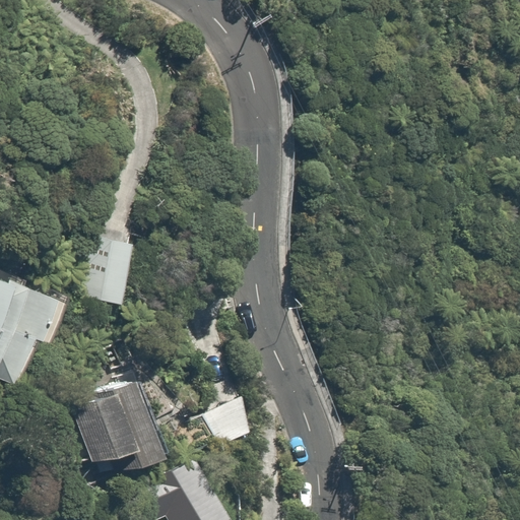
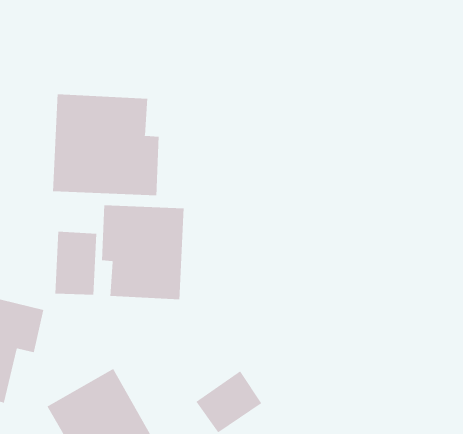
building: none -> [53,94,159,196]
building: none -> [101,204,184,300]

